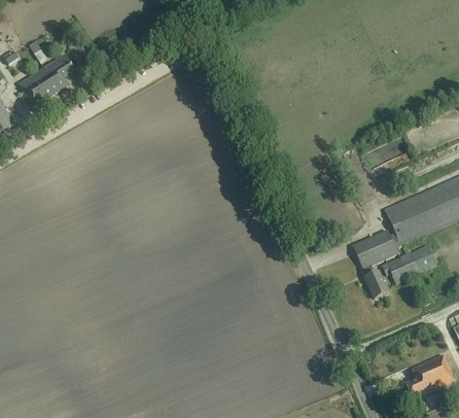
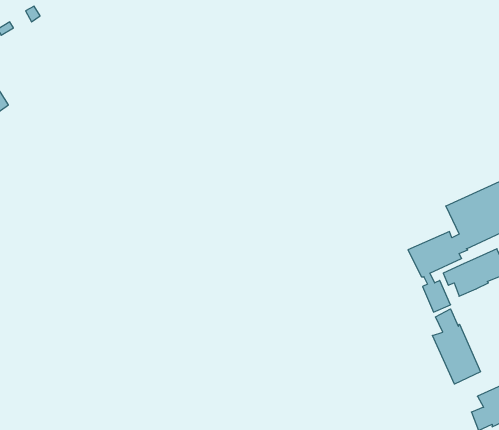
building: [19,54,74,106] -> none
building: none -> [432,309,480,384]

